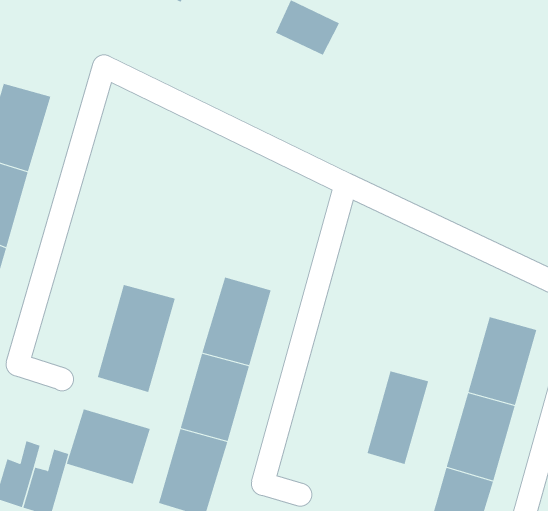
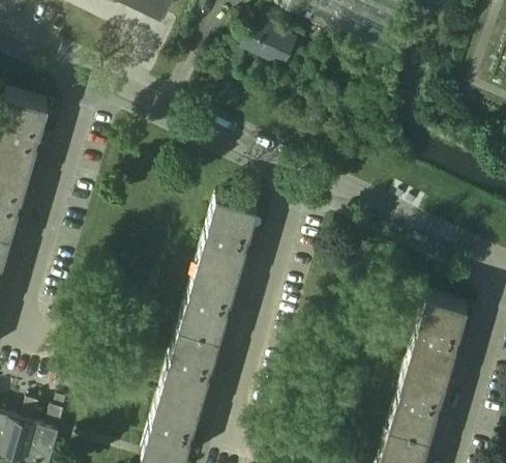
building: none -> [200,194,260,270]
building: [97,284,176,393] -> none
building: [367,371,429,465] -> none
building: [66,408,150,484] -> none

